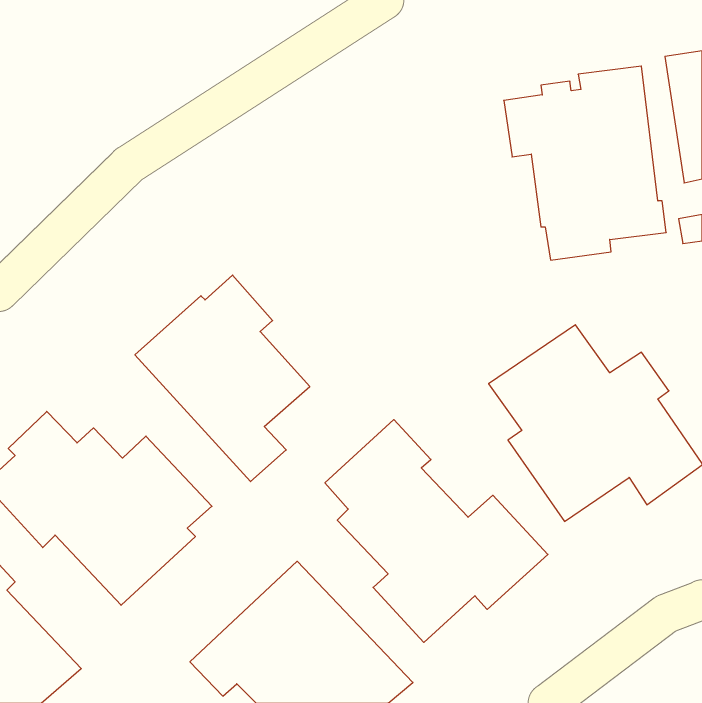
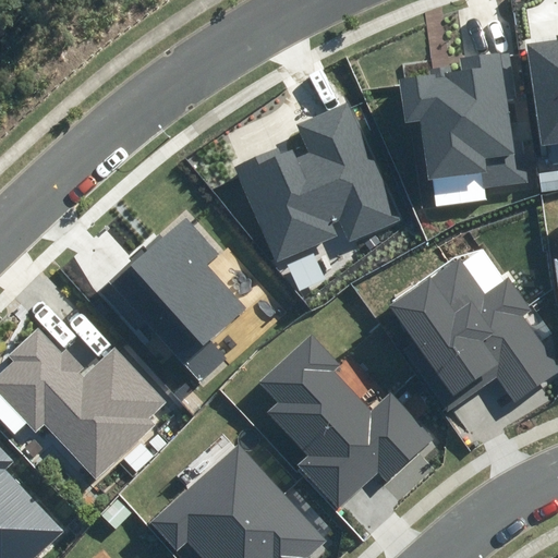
building: none -> [234,102,399,263]

